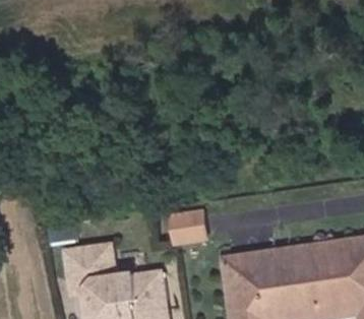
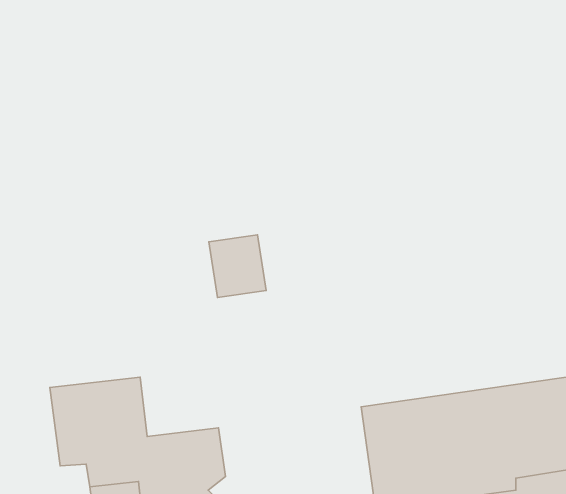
building: [169,205,202,242] -> [209,235,266,298]

